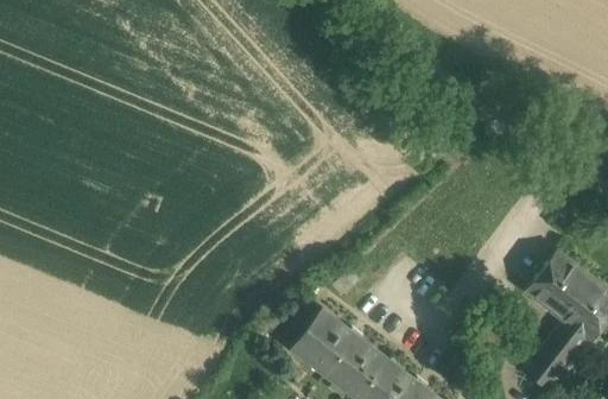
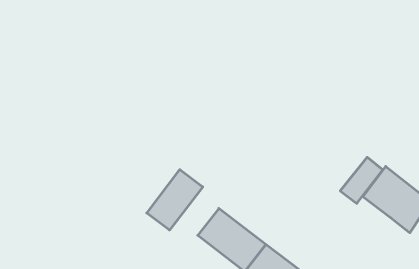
building: none -> [147,170,203,230]
building: [526,323,587,388] -> [340,157,383,203]

